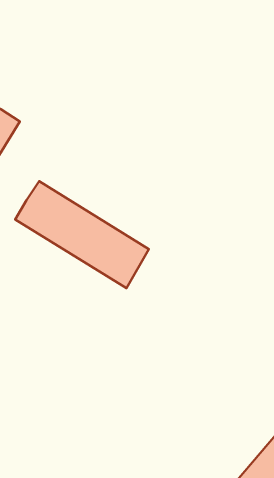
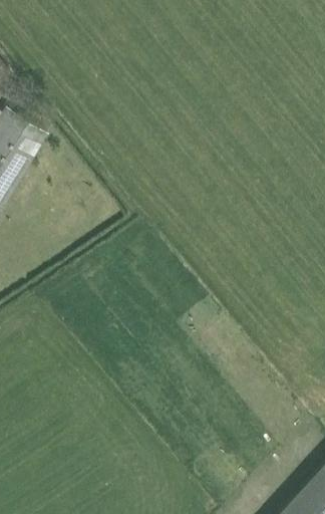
building: [15,181,149,288] -> none

